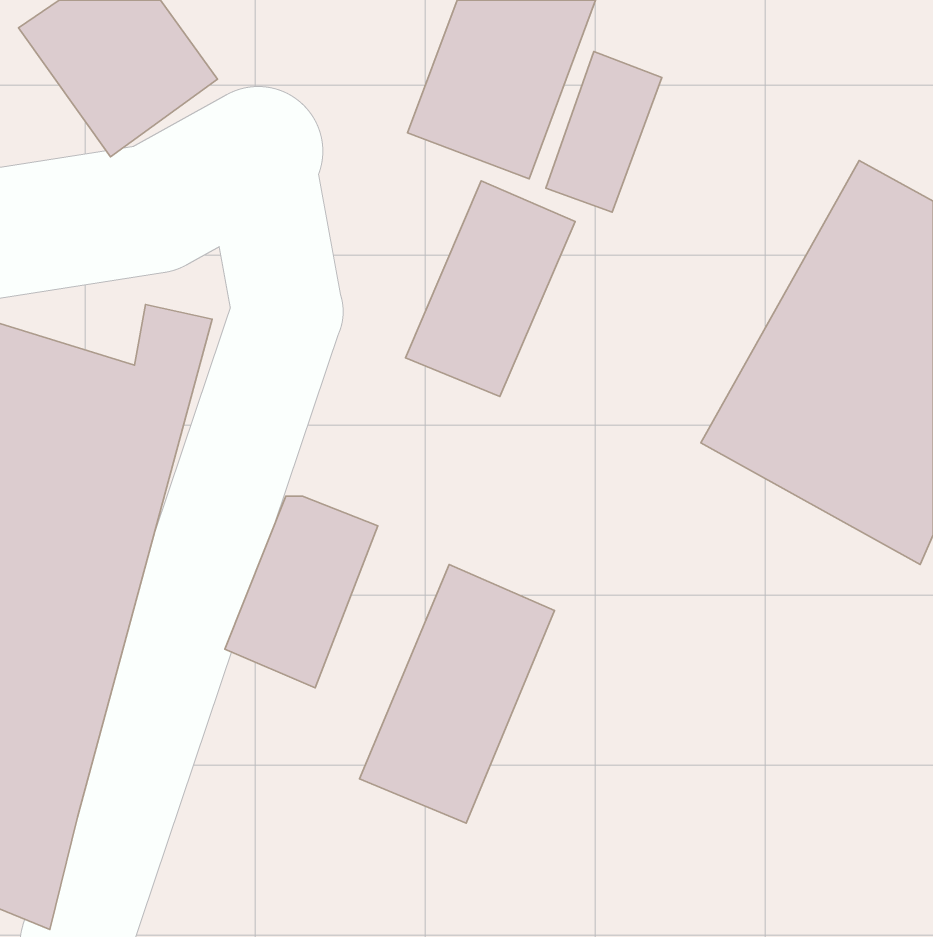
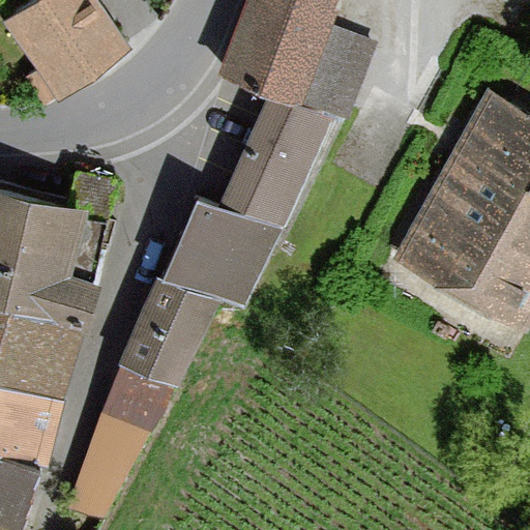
building: none -> [170,205,278,313]
building: [360,565,554,823] -> none
building: none -> [71,367,177,521]

